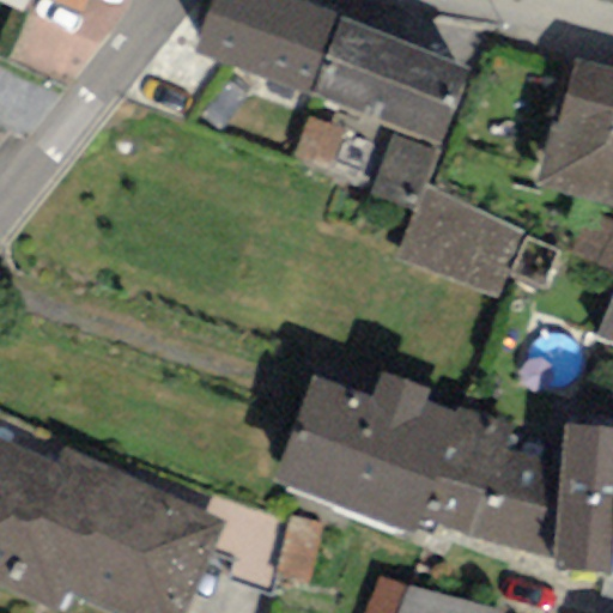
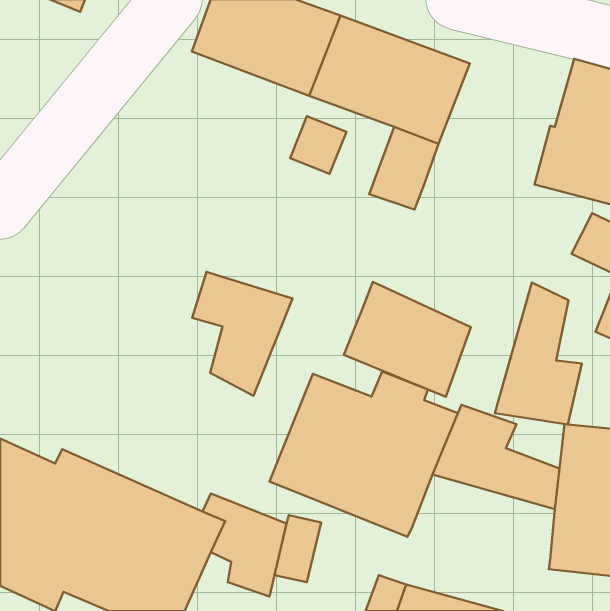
building: [397,184,524,299] -> [344,282,471,397]
building: none -> [192,272,292,396]
building: none -> [495,282,582,424]
building: [414,474,557,559] -> none

